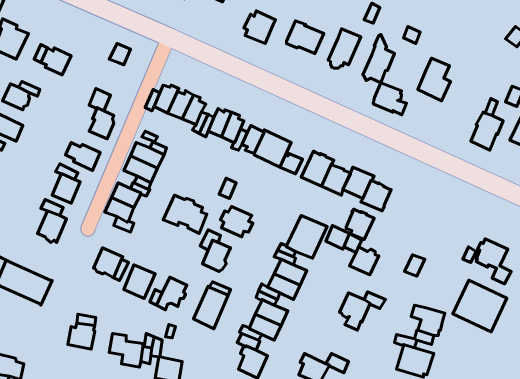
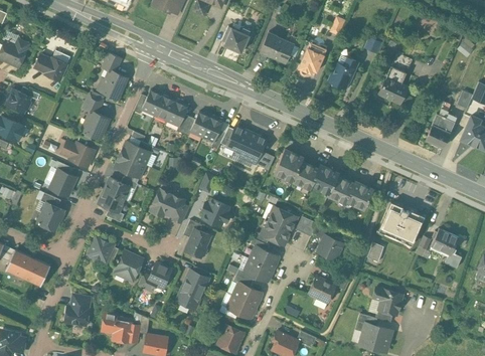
building: none -> [100,70,126,99]
building: [373,83,407,115] -> none
building: [346,209,374,240] -> [348,182,373,209]
building: [453,280,507,332] -> [377,202,426,248]

